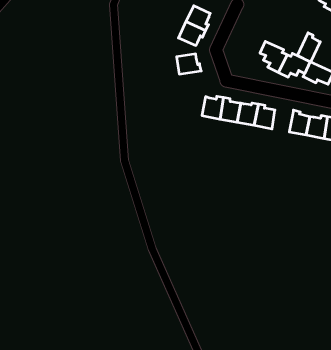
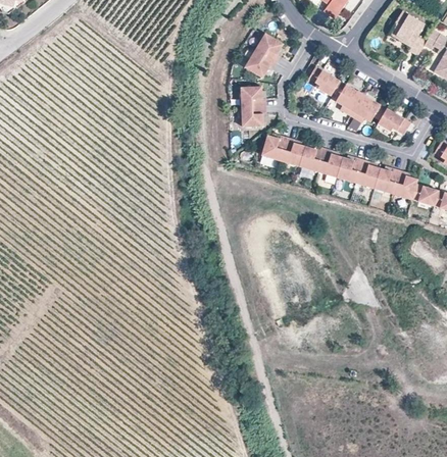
building: none -> [308,65,339,95]
building: [297,33,320,62] -> none
building: none -> [241,105,265,125]
building: none -> [337,156,362,182]

